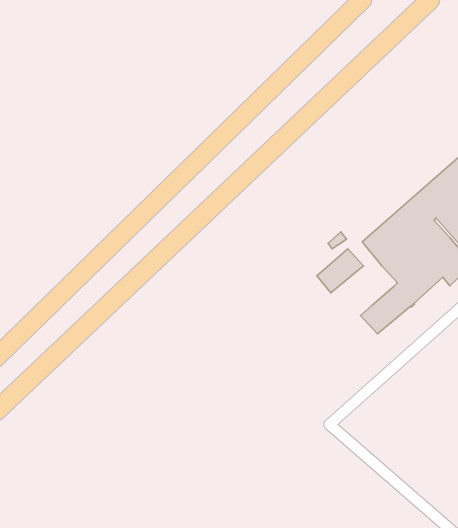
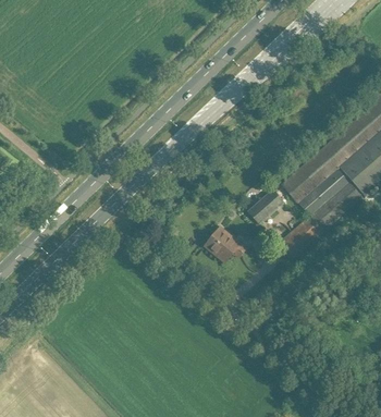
building: none -> [204,229,245,263]

